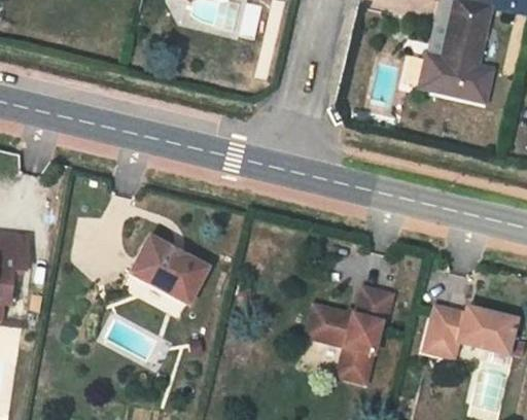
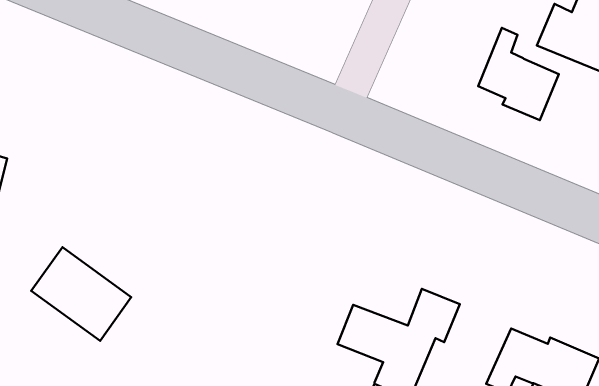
building: none -> [478,28,559,120]
building: [129,236,206,303] -> [31,247,131,341]

